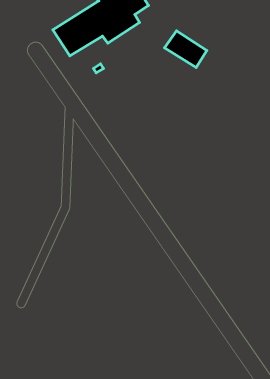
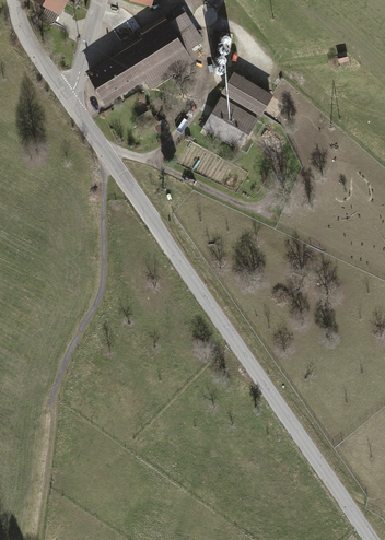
building: none -> [202,97,259,151]

